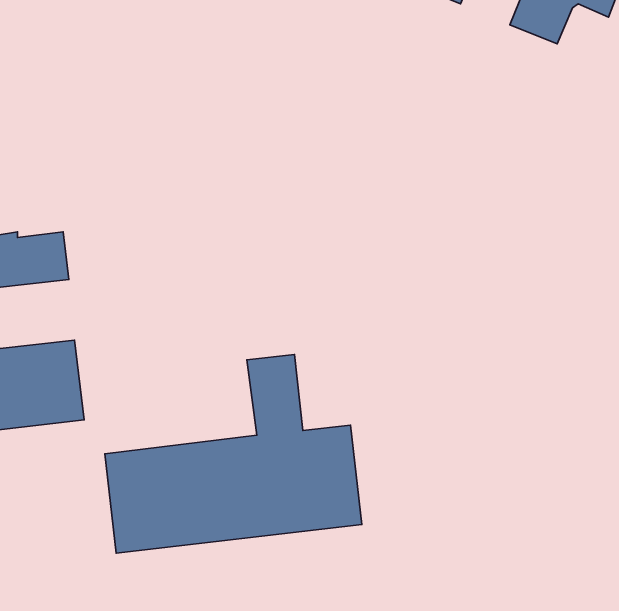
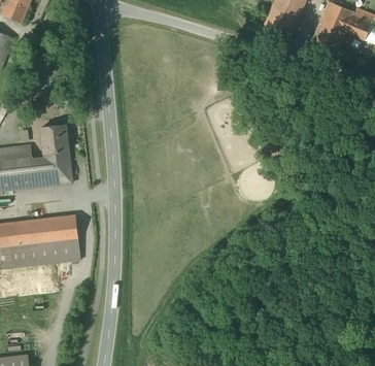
building: none -> [40,125,68,160]
building: [105,355,362,553] -> none

